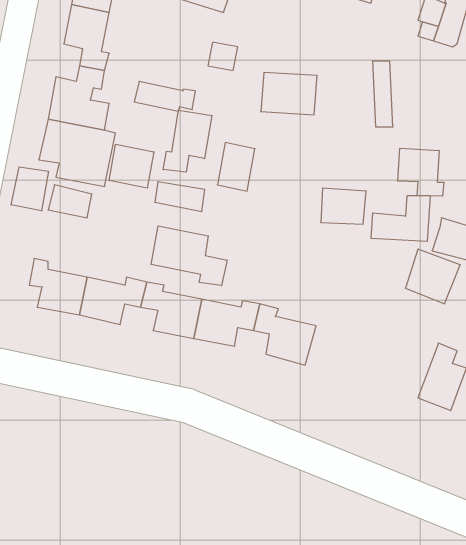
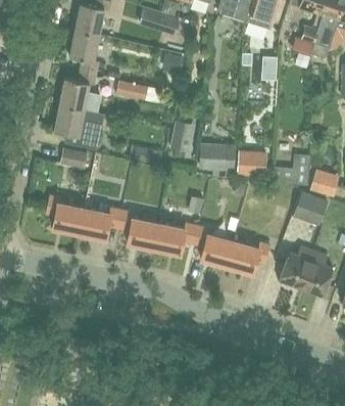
building: [261,72,317,115] -> [198,144,235,172]
building: [163,110,212,172] -> none
building: [109,144,154,188] -> none
building: [398,148,444,196] -> none
building: [11,167,48,211] -> none
building: [151,226,227,286] -> none
building: none -> [227,240,269,273]
building: none -> [278,246,313,287]

